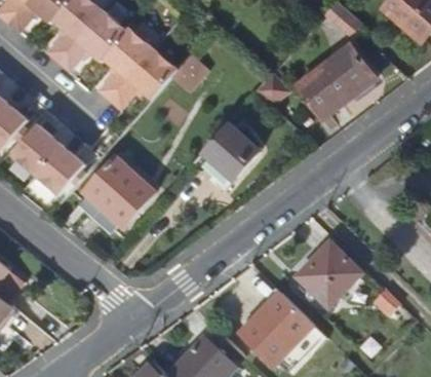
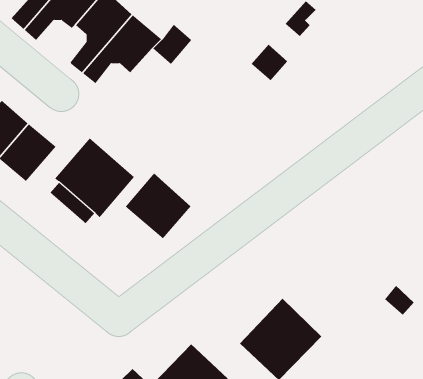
building: [299,45,375,116] -> none
building: [202,121,261,180] -> [125,172,191,239]
building: [295,238,360,304] -> none

